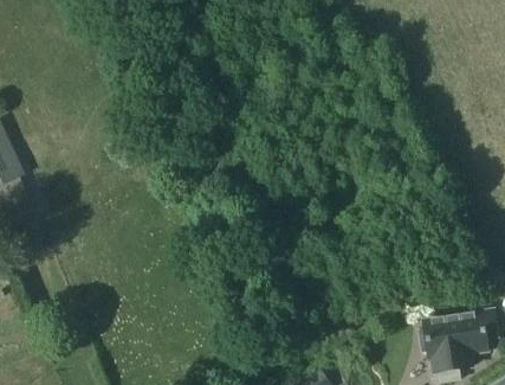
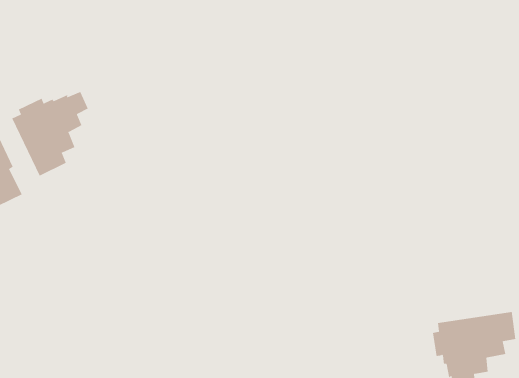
building: none -> [12,91,89,176]

